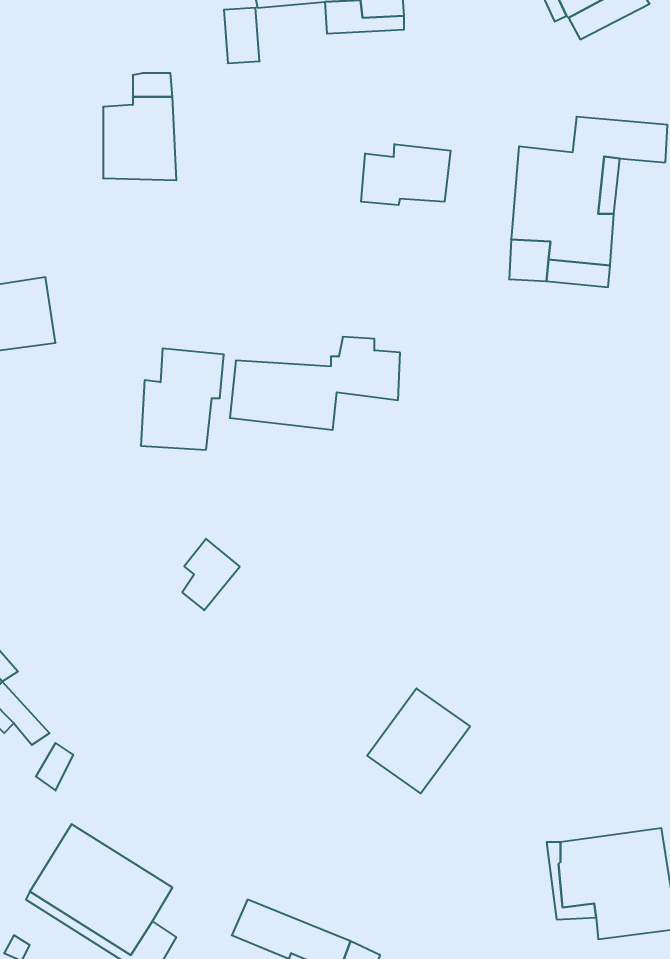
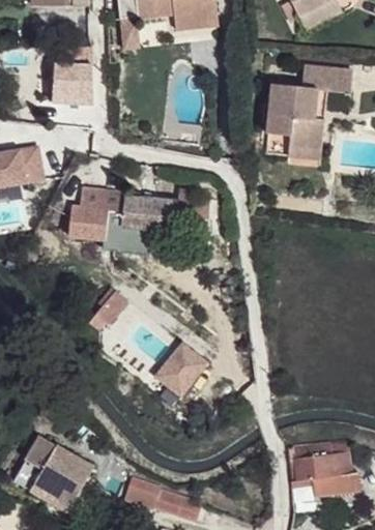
building: [361,144,451,205] -> none
building: [367,688,470,793] -> [151,345,205,400]

